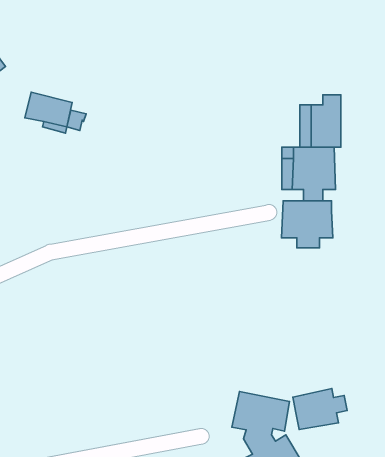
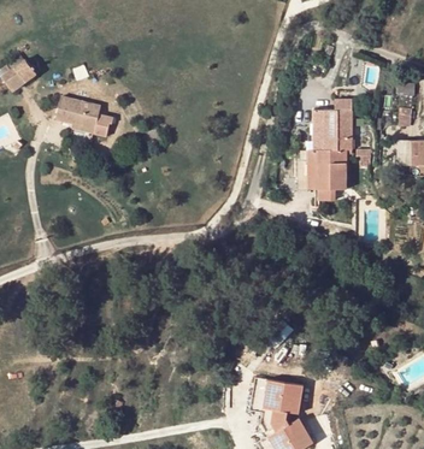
building: [282,201,333,248] -> none
building: [293,388,347,429] -> none

